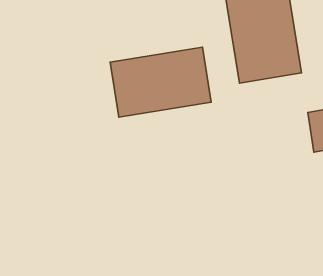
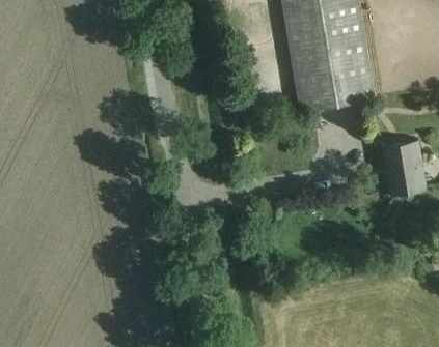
building: [110,47,211,117] -> none

